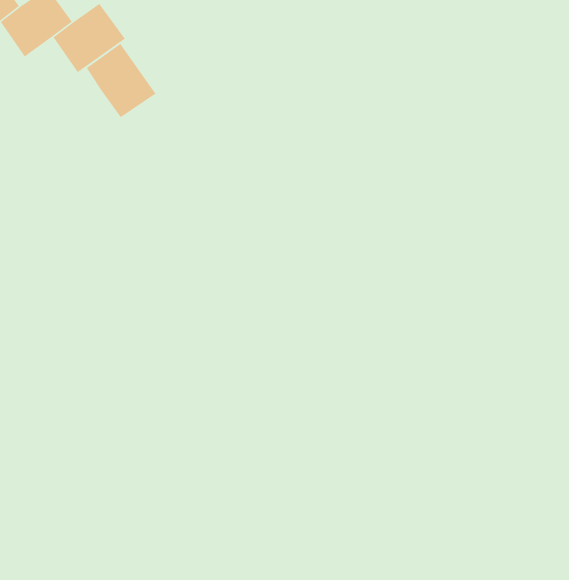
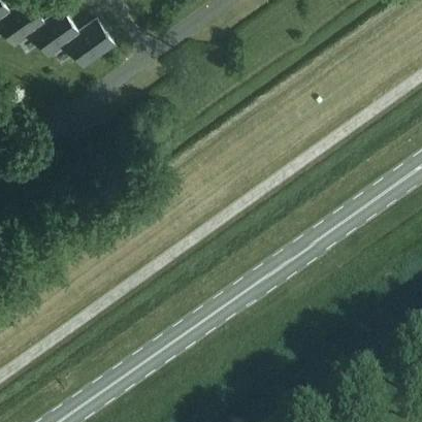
building: [86,43,157,118] -> none

